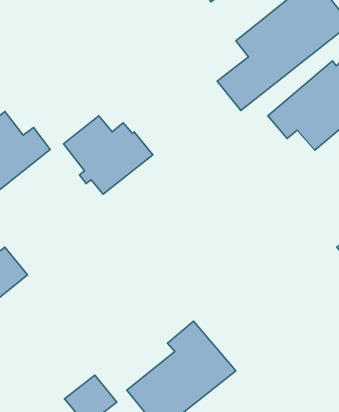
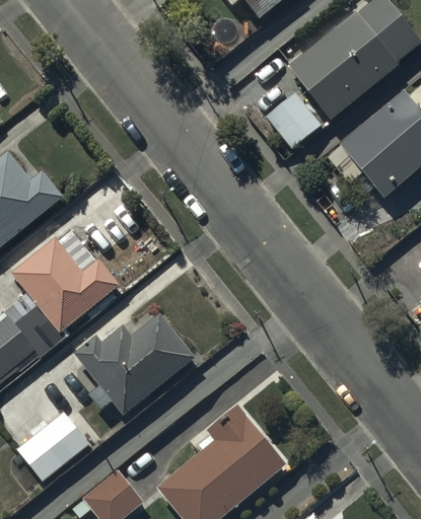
building: [63,116,153,194] -> [13,238,121,332]
building: none -> [76,313,196,416]
building: none -> [17,412,90,480]

